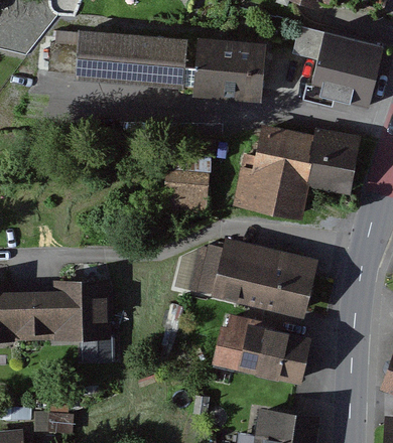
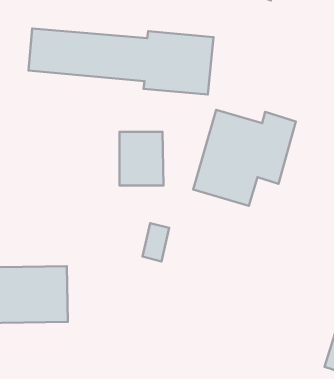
building: [301,29,371,99] -> none
building: [212,237,318,316] -> none
building: [213,318,310,383] -> none

